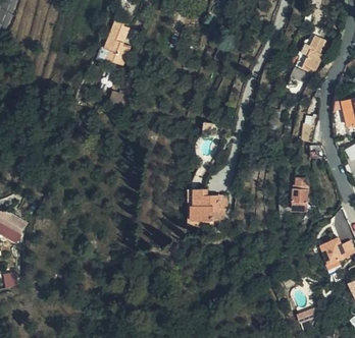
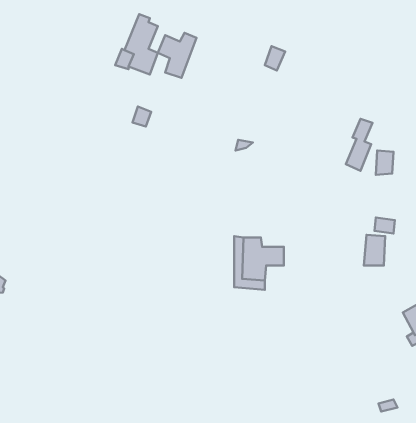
building: none -> [158,33,196,78]
building: [302,34,322,73] -> [346,119,373,171]

